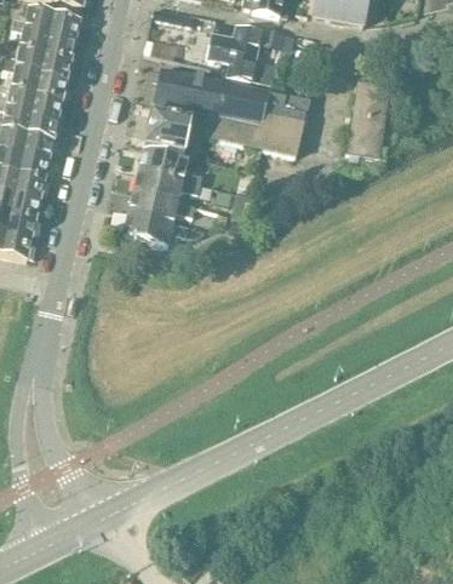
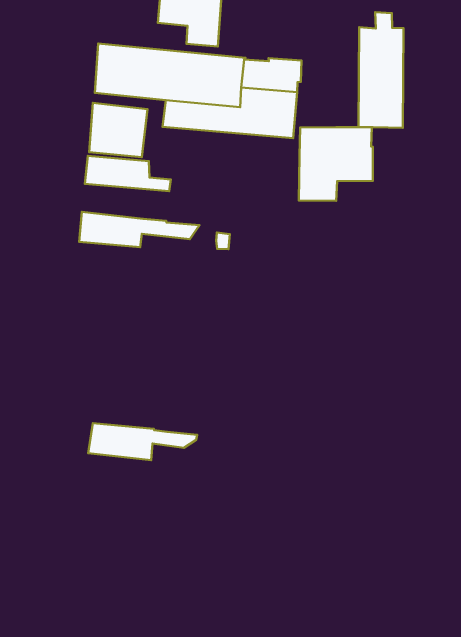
building: none -> [299,127,373,201]
building: [134,168,201,200] -> none
building: [124,211,206,244] -> [88,423,197,460]

